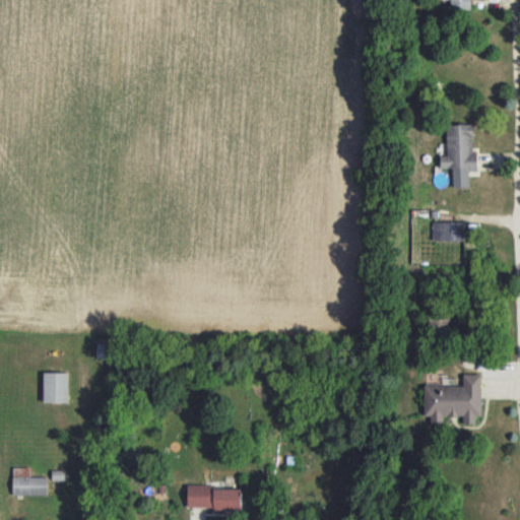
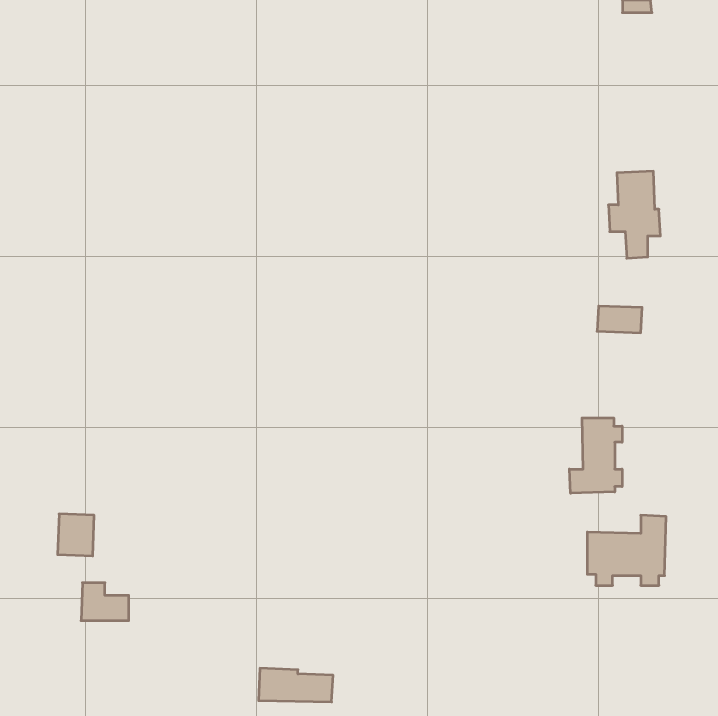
building: none -> [569,418,622,493]
building: [12,468,47,496] -> [81,583,129,621]

